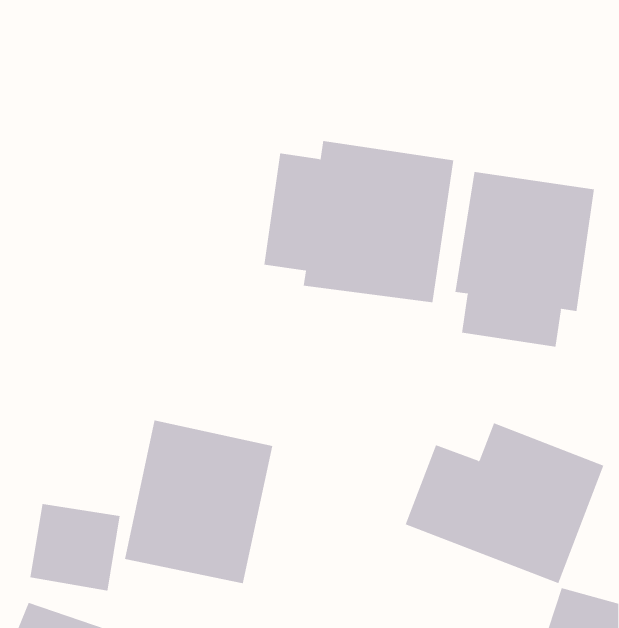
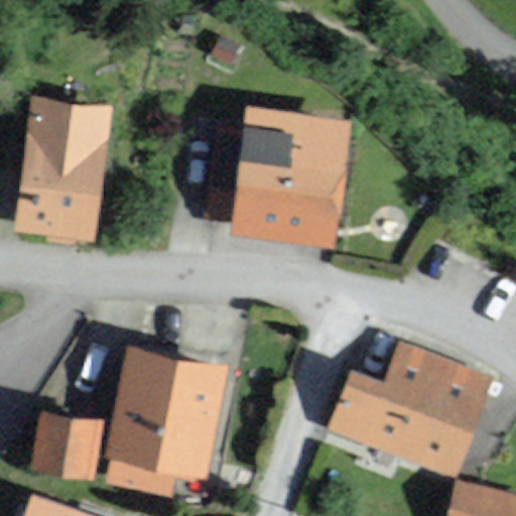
building: none -> [12,96,117,245]
building: [455,171,595,347] -> none

